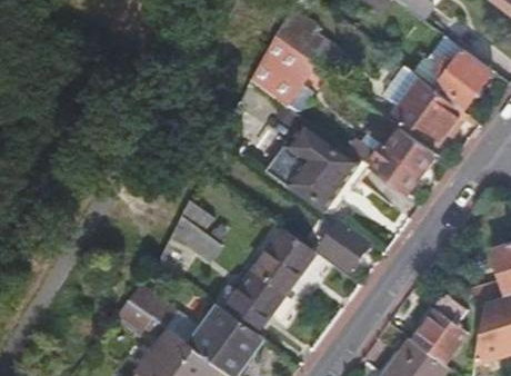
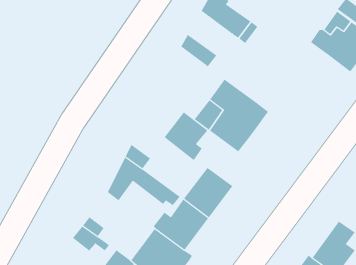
building: [259,34,314,90] -> none
building: [393,79,461,146] -> none
building: [345,112,435,194] -> none
building: none -> [164,112,208,161]
building: [322,222,370,270] -> none

